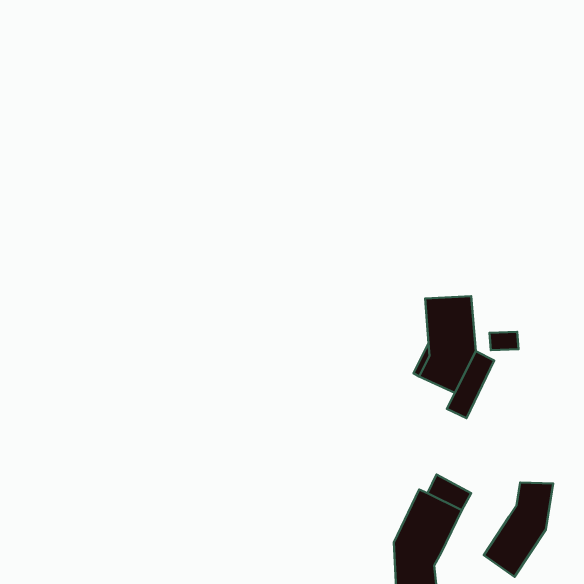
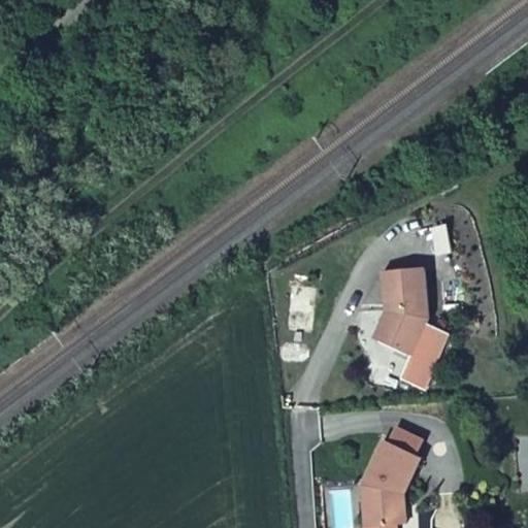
building: [484,482,553,577] -> none

